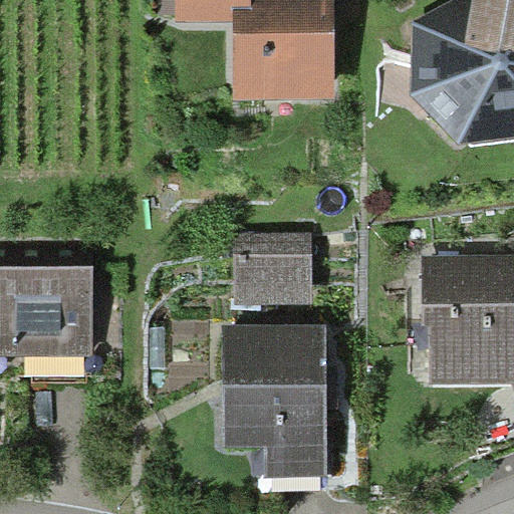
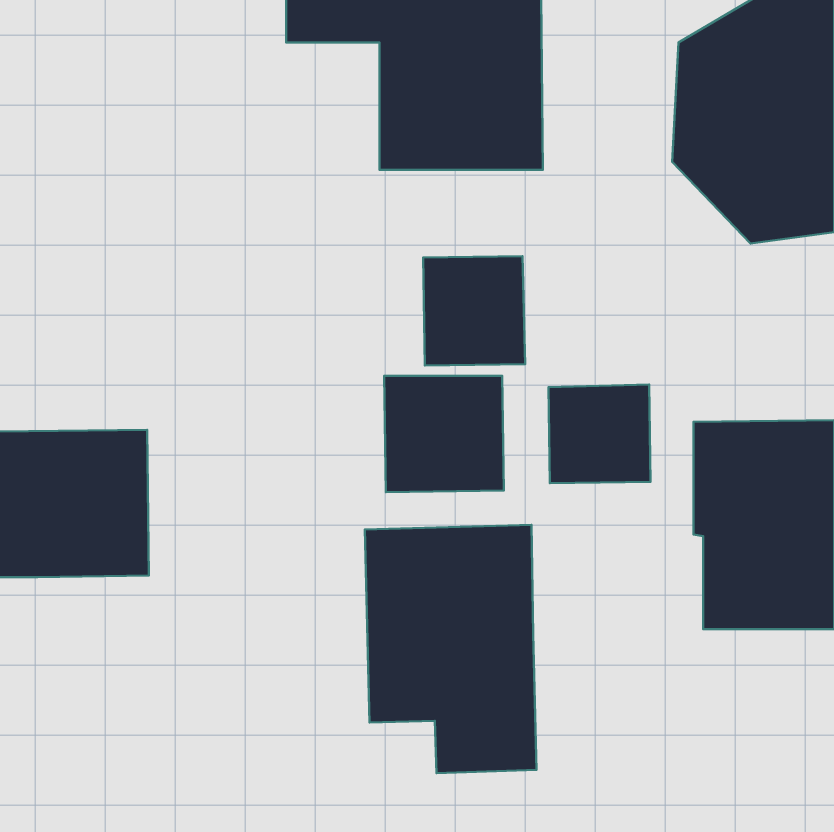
building: none -> [423,256,525,366]
building: none -> [548,385,651,483]

